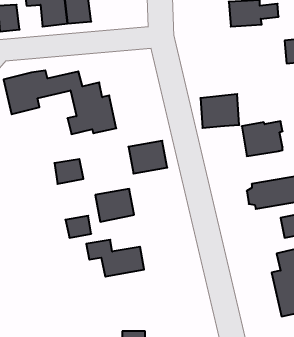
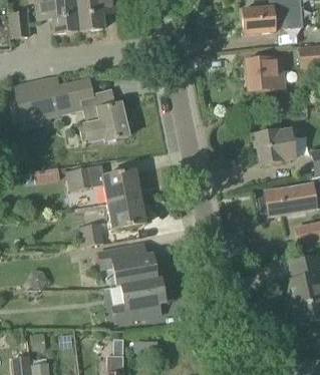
building: [200,94,239,128] -> [247,56,286,90]
building: [128,141,167,174] -> [102,169,141,203]
building: none -> [112,277,165,322]

